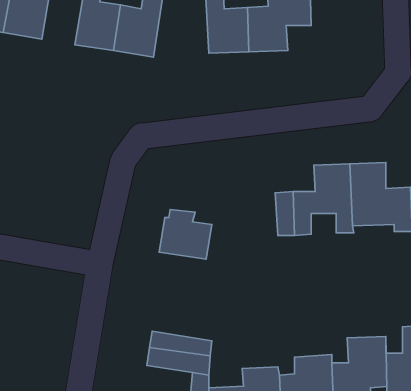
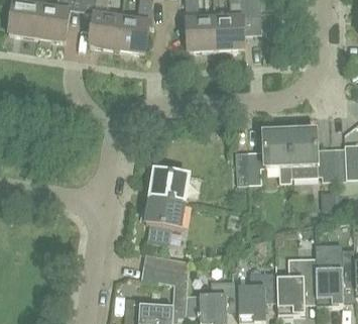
building: none -> [145,196,184,243]

